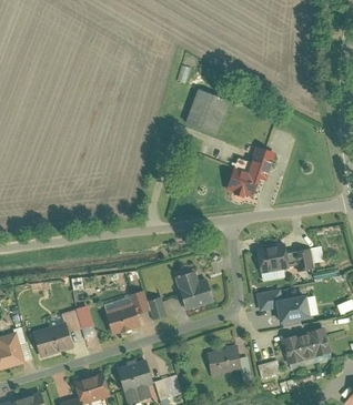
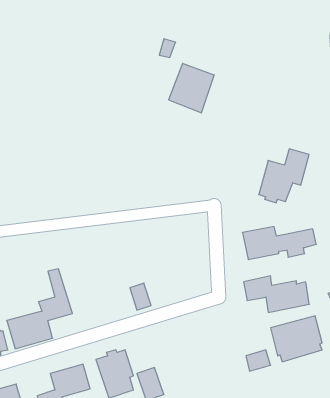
building: [226,146,274,198] -> [259,149,309,203]
building: [175,271,213,311] -> none
building: [103,290,149,335] -> none
building: [208,344,251,378] -> none

